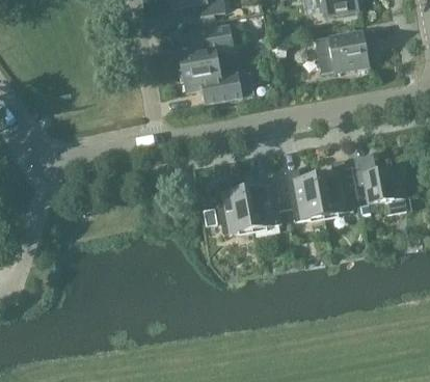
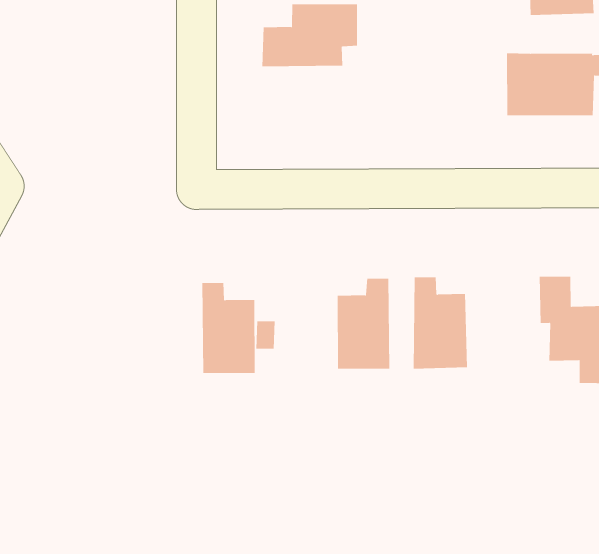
building: [183,61,243,103] -> none
building: [317,160,354,215] -> none
building: [215,182,253,234] -> [202,283,256,374]

